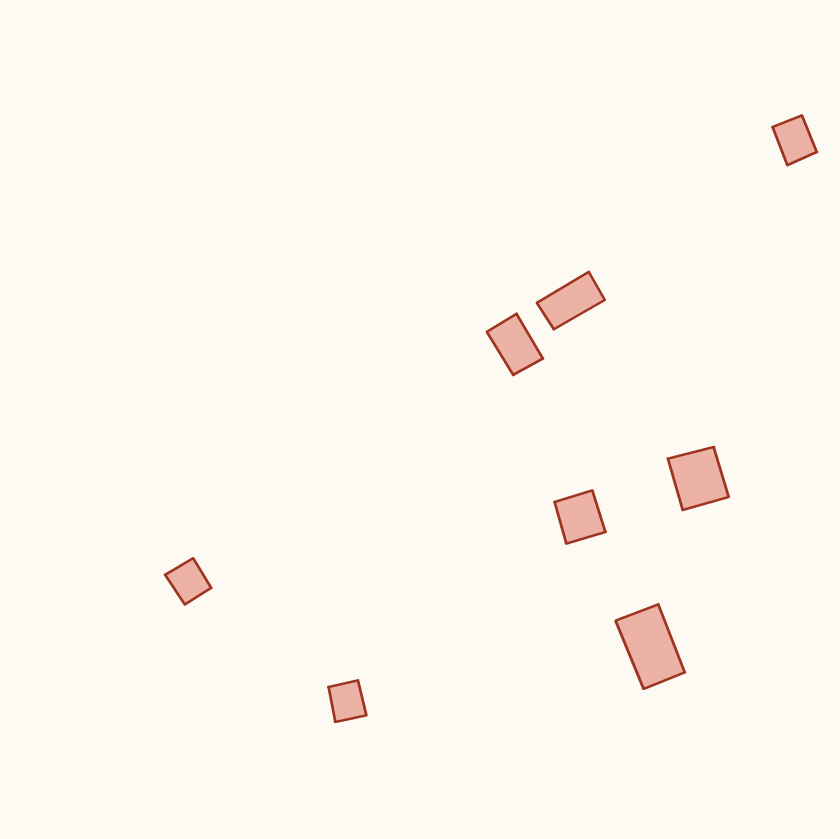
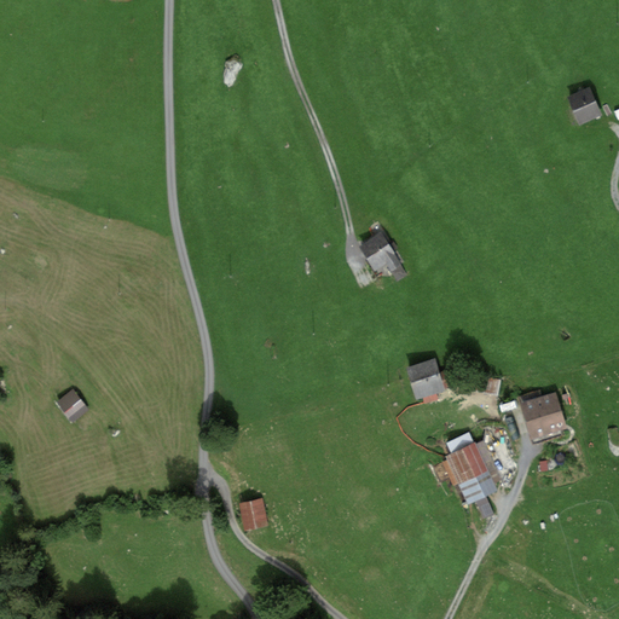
building: [537,272,605,329] -> none
building: [668,447,729,510] -> [521,393,566,439]
building: [165,558,211,604] -> [54,388,88,422]

